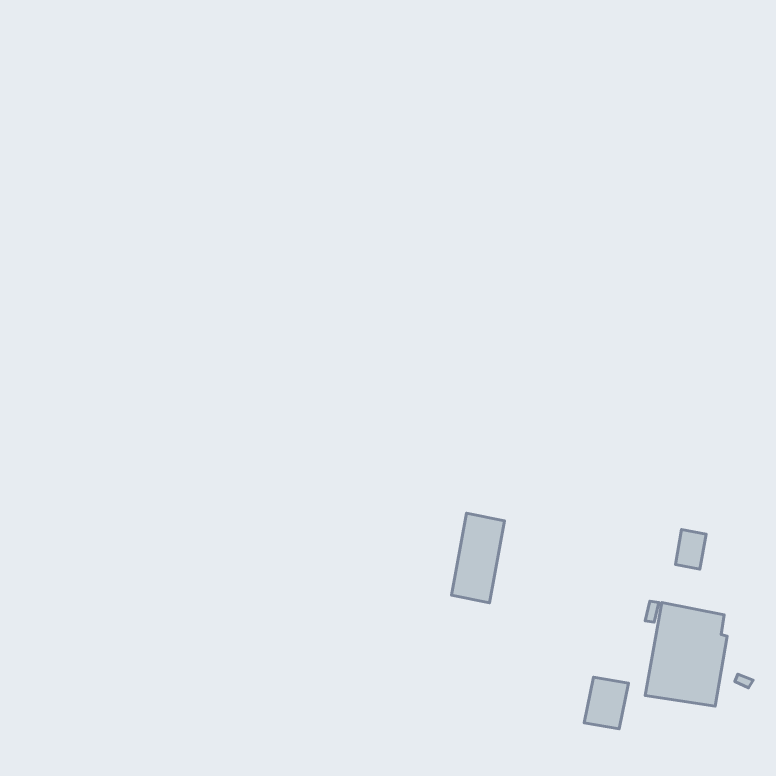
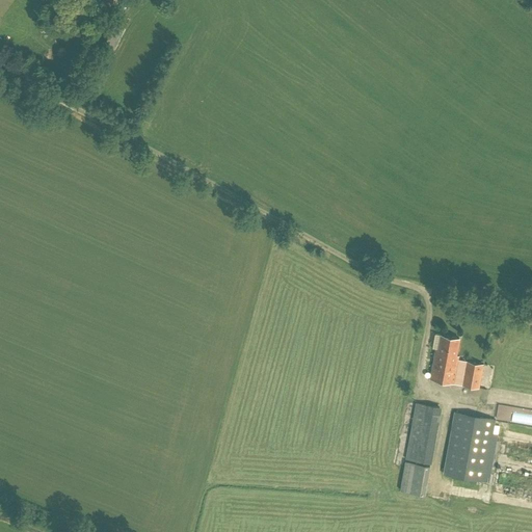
building: none -> [429,337,458,384]
building: [451,513,505,603] -> [404,404,441,466]

